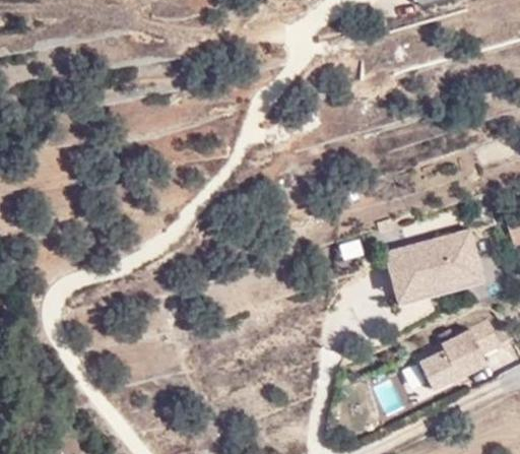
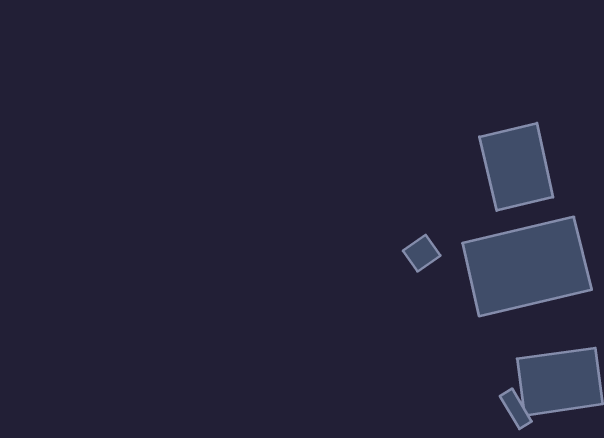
building: none -> [479,123,553,211]

